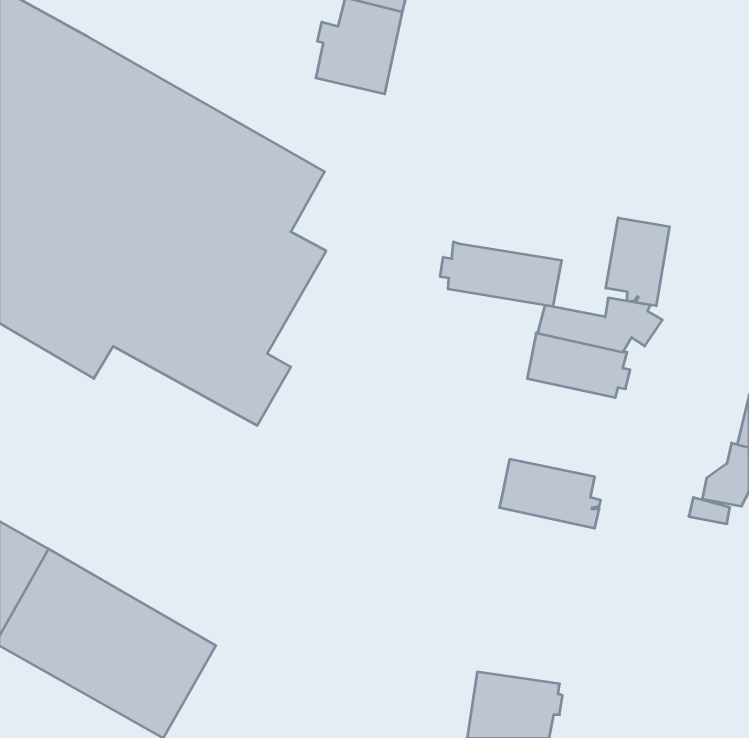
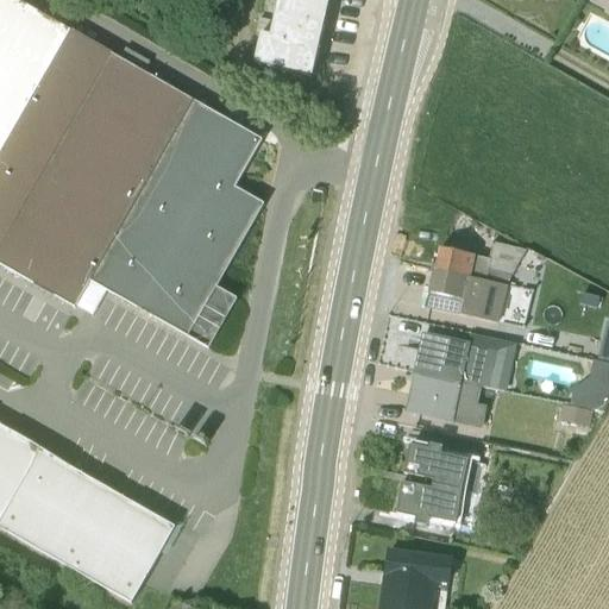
building: [606,218,670,306] -> none
building: [440,242,562,306] -> none
building: none -> [413,333,515,390]
building: none -> [395,444,467,522]

